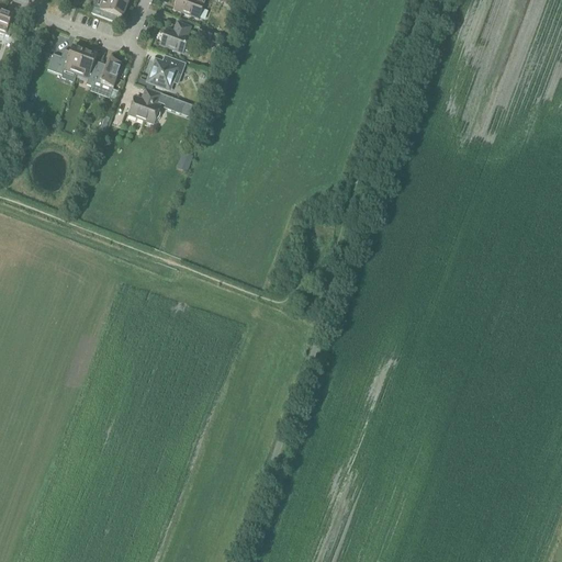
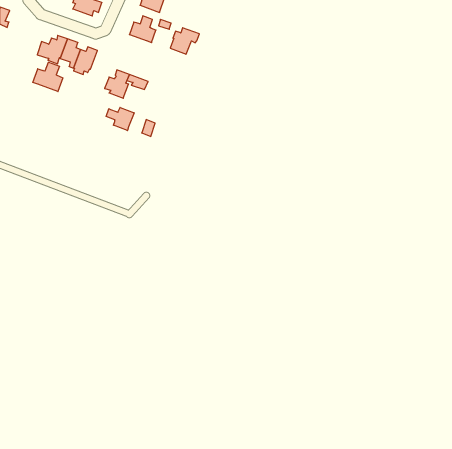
building: [148,54,184,87] -> [170,28,199,54]
building: none -> [33,62,63,92]
building: none -> [106,107,134,131]

